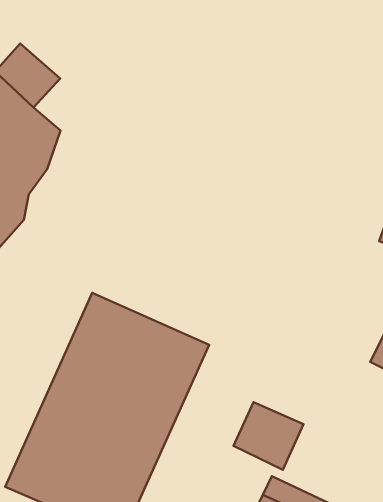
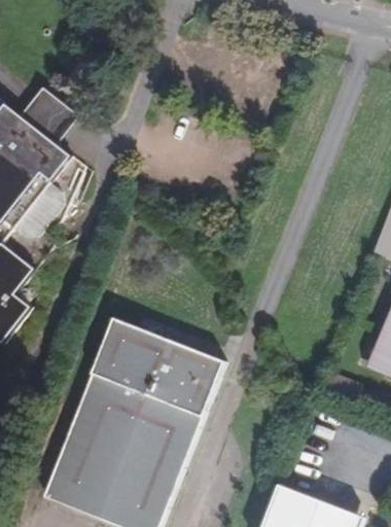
building: [233,402,304,470] -> none

